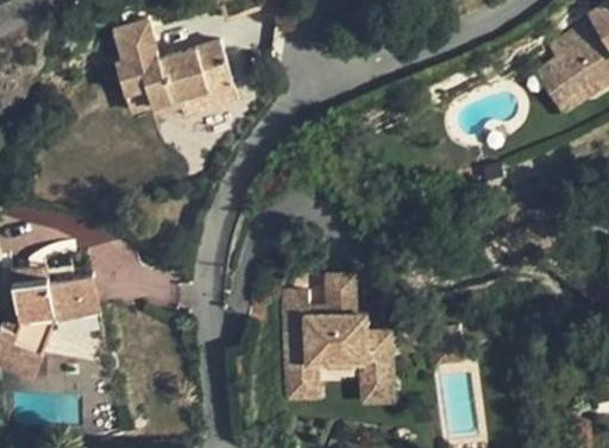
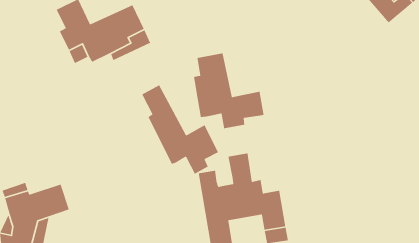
building: none -> [193,52,264,129]
building: none -> [141,84,219,175]

